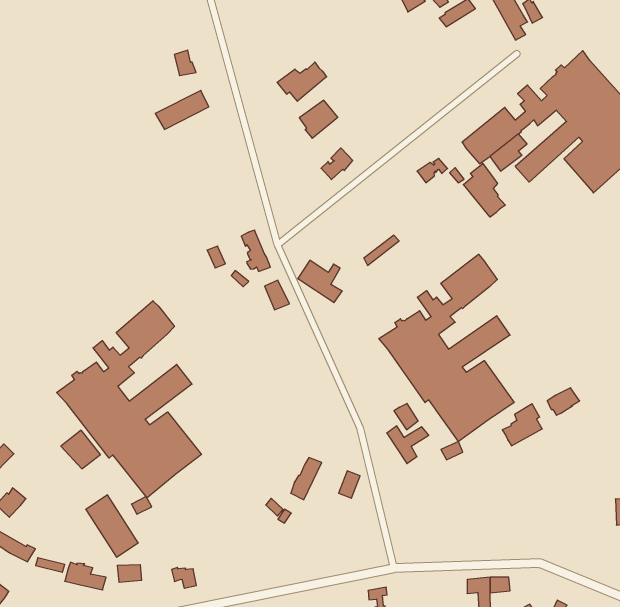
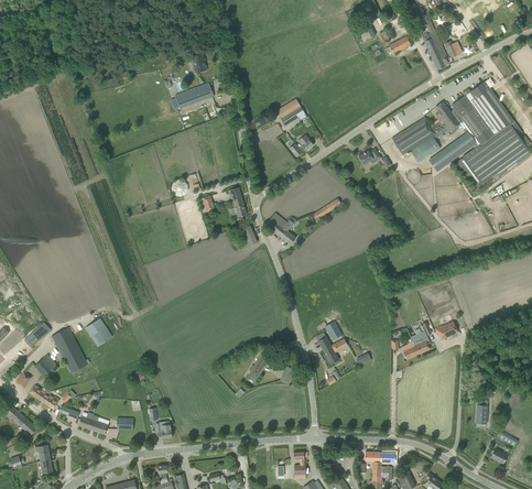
building: [277,62,327,101] -> none
building: [463,163,505,217] -> none
building: [379,254,514,442] -> none
building: [57,301,201,498] -> none
building: [86,495,138,557] -> [52,327,87,372]

